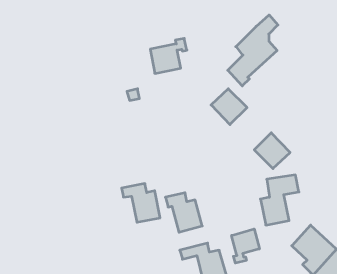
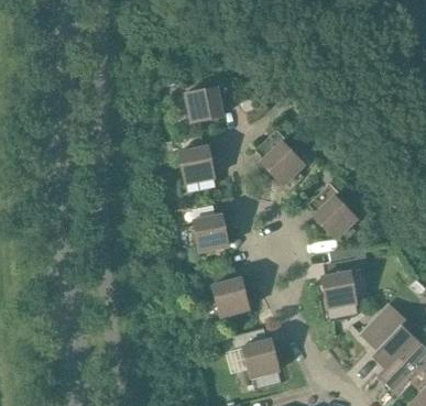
building: [228,15,278,86] -> none
building: none -> [179,146,215,185]
building: [122,184,160,222] -> [182,206,229,253]
building: [232,229,259,263] -> none

